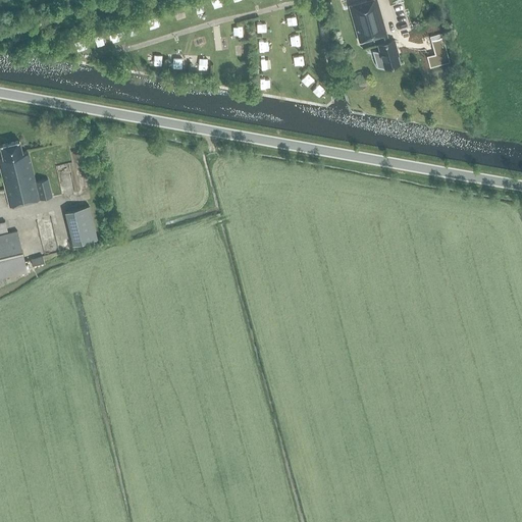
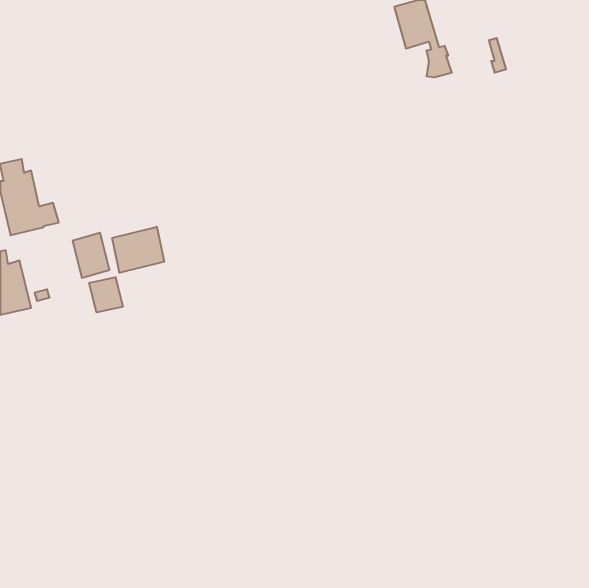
building: none -> [112,227,164,273]
building: none -> [89,277,123,312]

